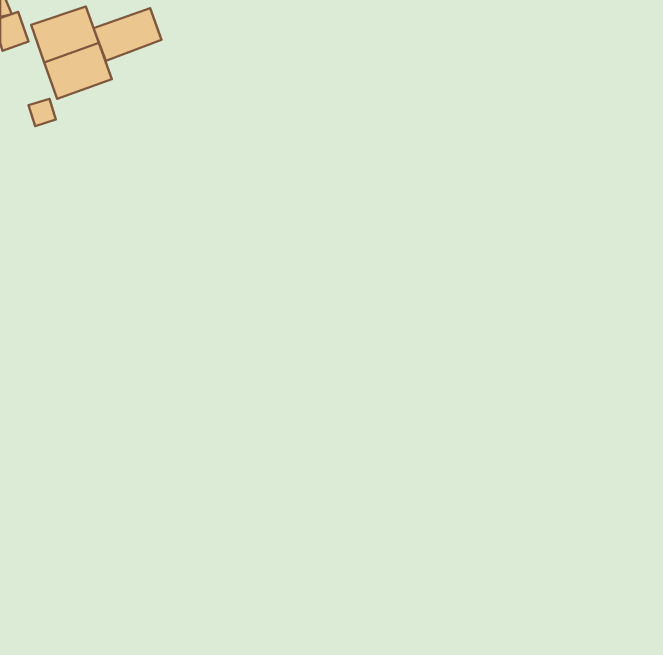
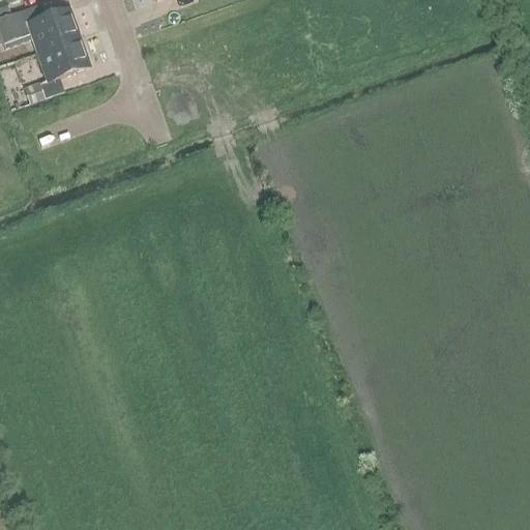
building: [94,8,162,61] -> none

